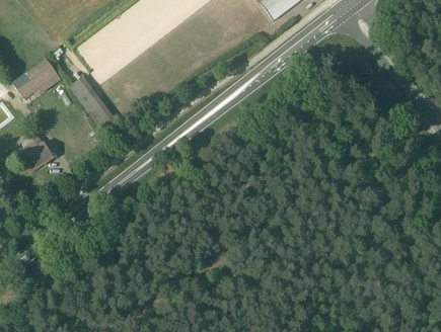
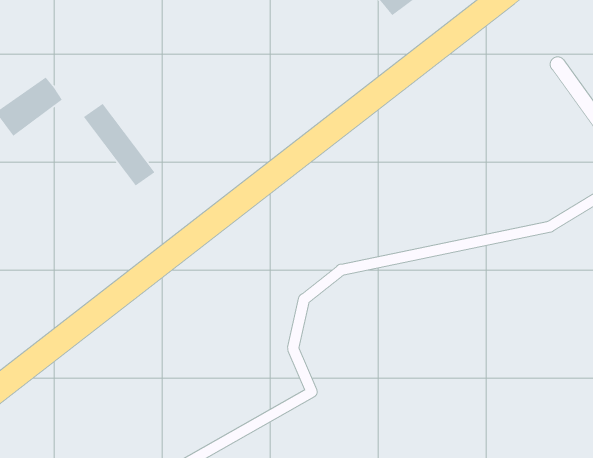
building: [21,133,53,172] -> none

